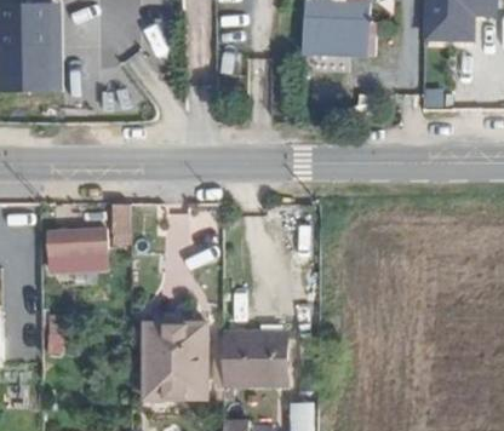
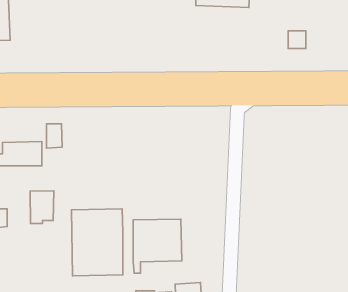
building: none -> [30,191,54,224]

